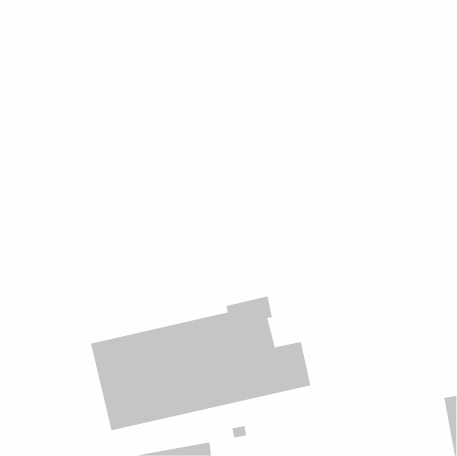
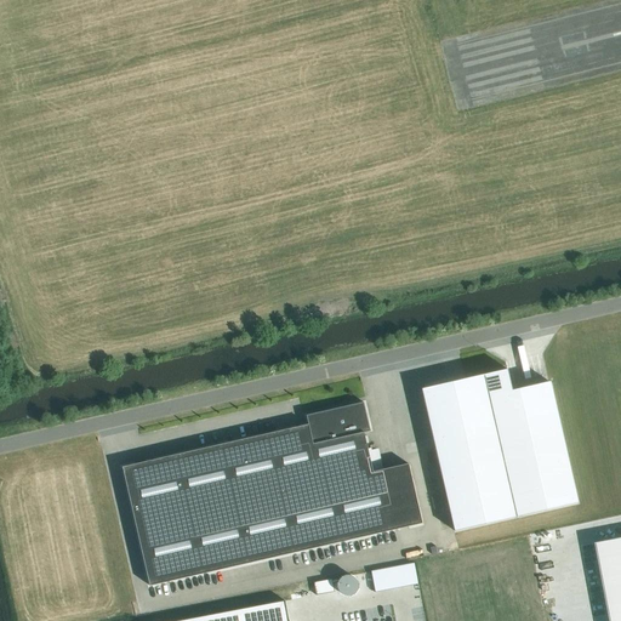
building: none -> [421,369,579,530]

